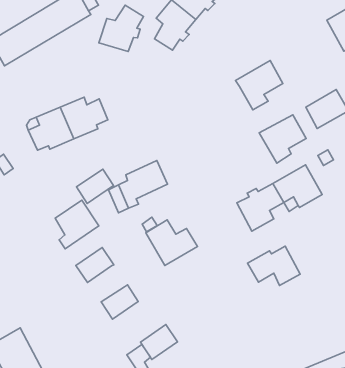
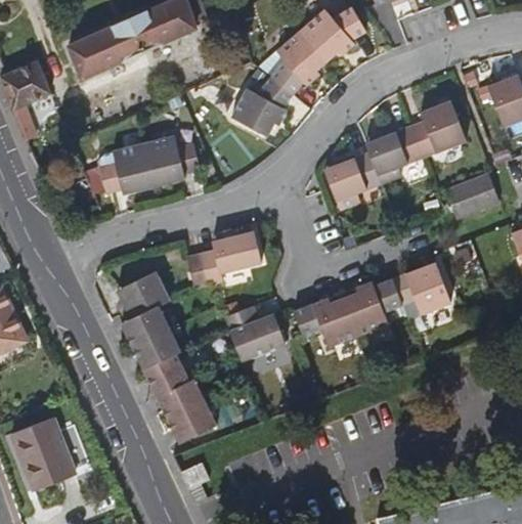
building: [99,5,143,52] -> [231,77,292,135]
building: none -> [411,100,466,156]
building: [259,115,306,163] -> [323,151,381,209]
building: [77,169,113,203] -> [122,304,168,344]
building: [248,246,300,286] -> [294,296,357,344]
building: none -> [143,351,188,394]
building: [140,325,177,360] -> [168,400,214,441]

